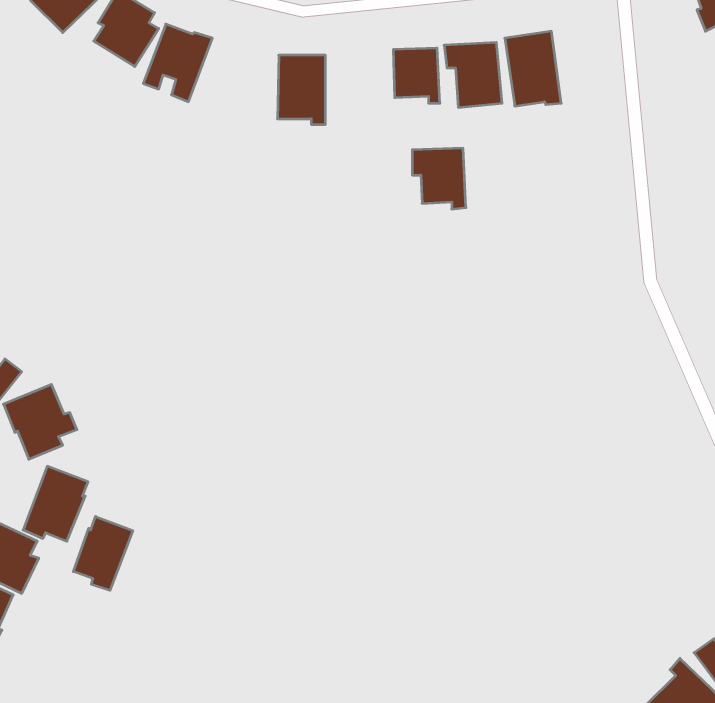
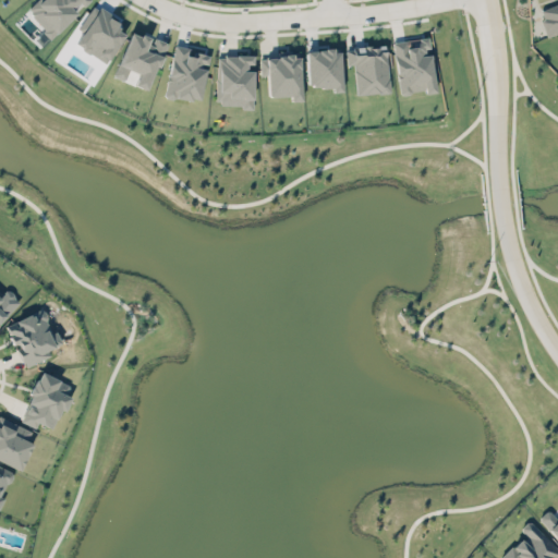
building: none -> [167,45,211,104]
building: [412,148,466,209] -> [263,56,304,102]
building: [73,516,133,590] -> none

